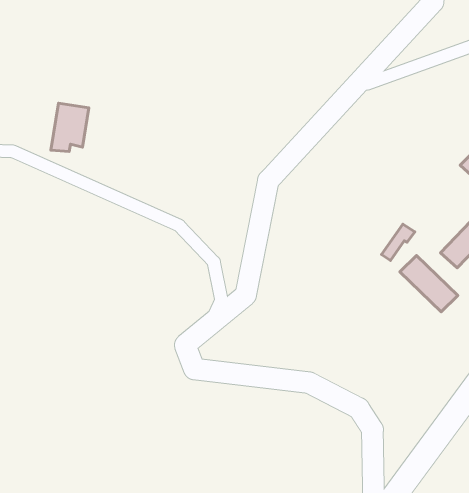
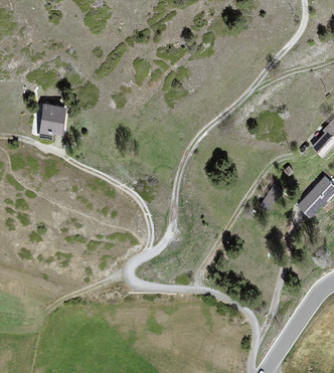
building: [400,256,458,312] -> none

